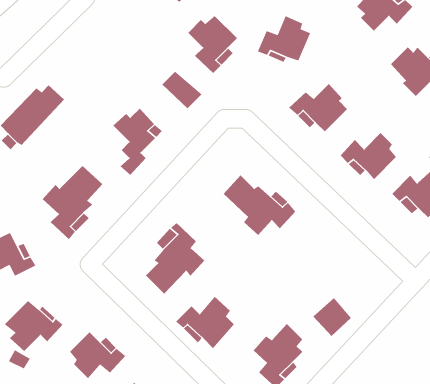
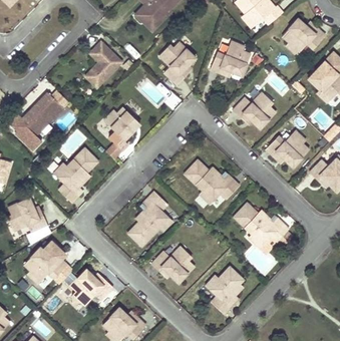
building: none -> [85,41,122,87]
building: none -> [234,203,293,247]

